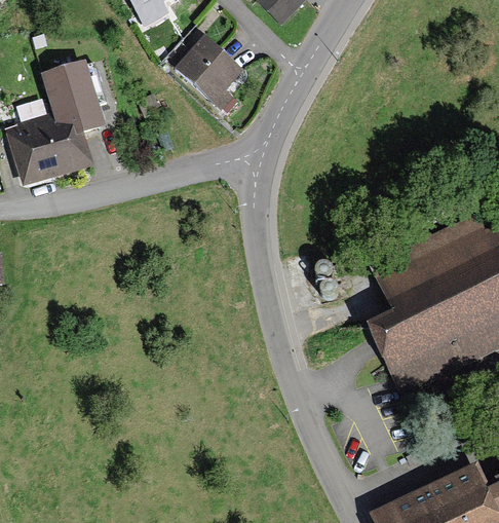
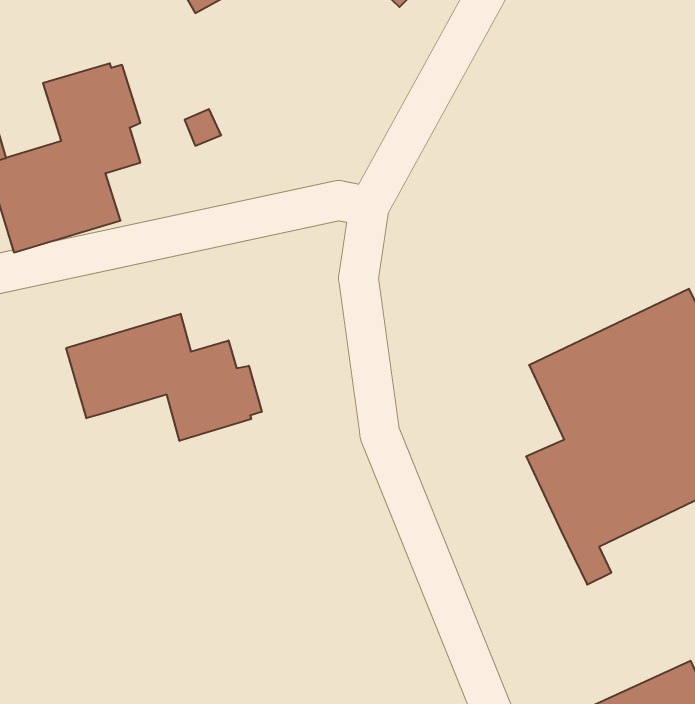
building: [176,35,244,109] -> none
building: none -> [66,314,262,441]

